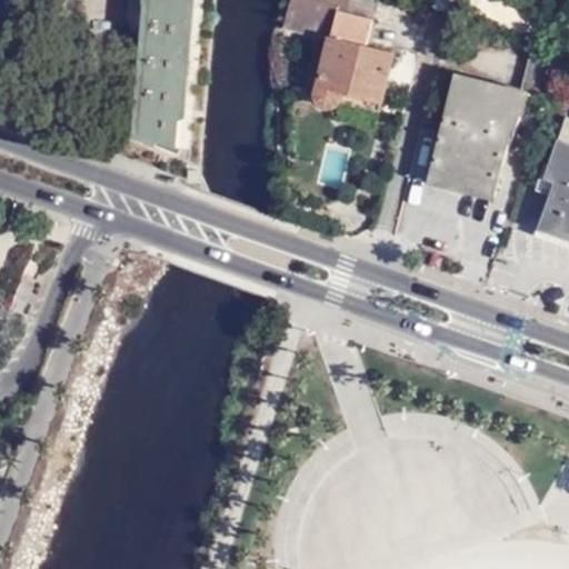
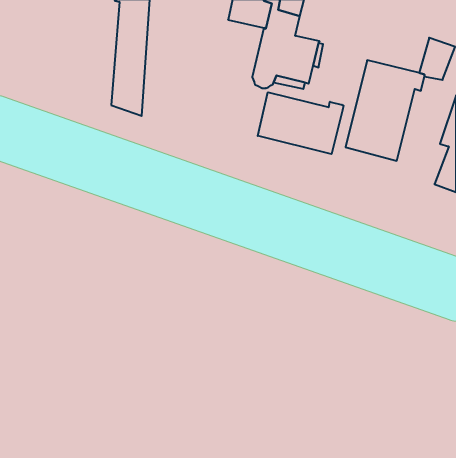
building: none -> [258,92,343,154]

